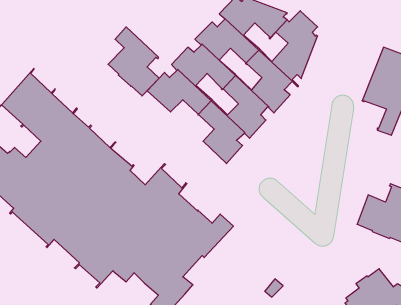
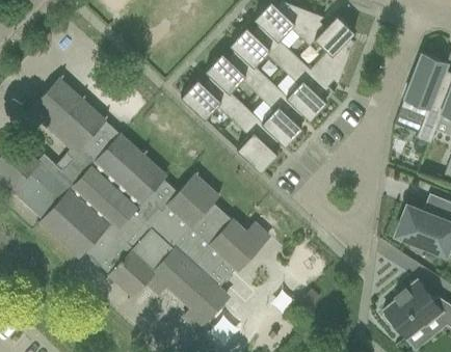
building: [108,27,159,96] -> none

